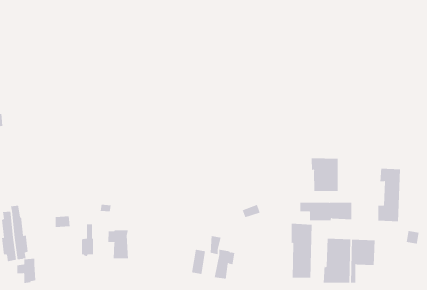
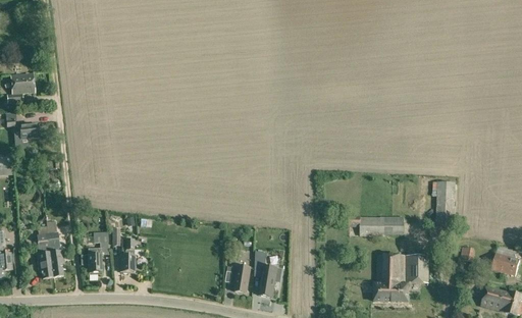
building: [311,158,338,192] -> none
building: [291,223,312,279] -> none
building: [108,230,128,259] -> none
building: [17,258,36,284] -> [82,248,102,274]

